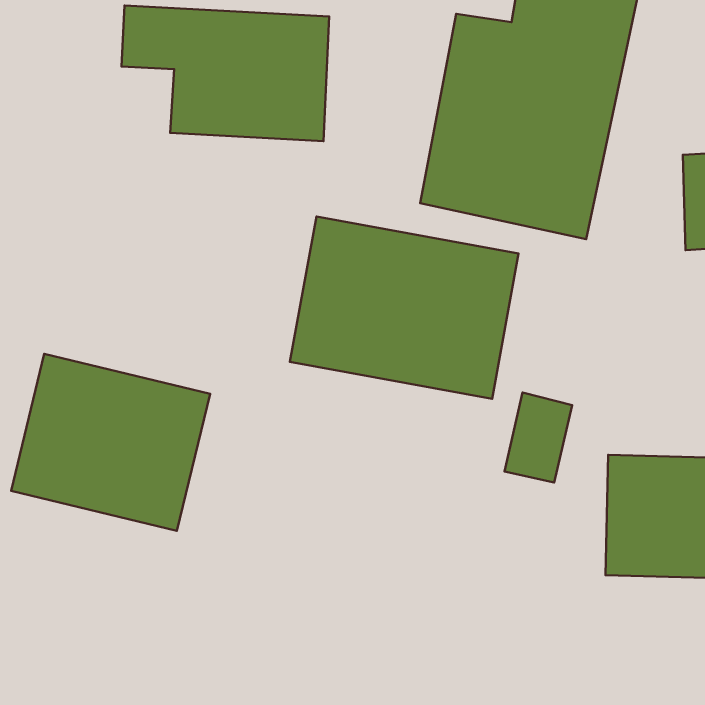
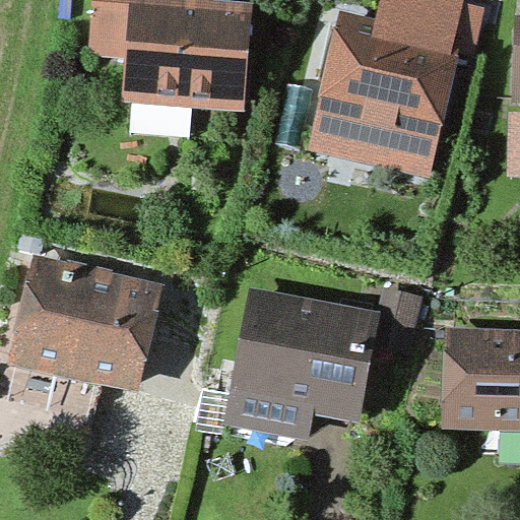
building: [290,216,519,399] -> none
building: none -> [234,297,371,417]

